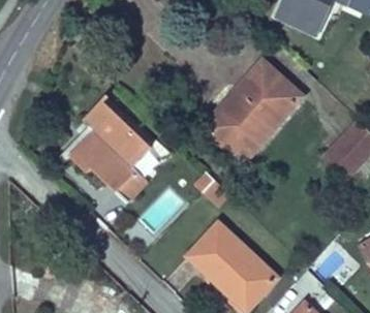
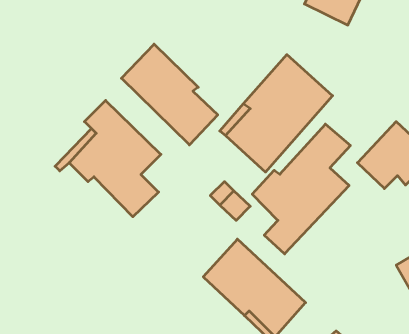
building: none -> [121,44,218,145]
building: none -> [252,124,350,254]

